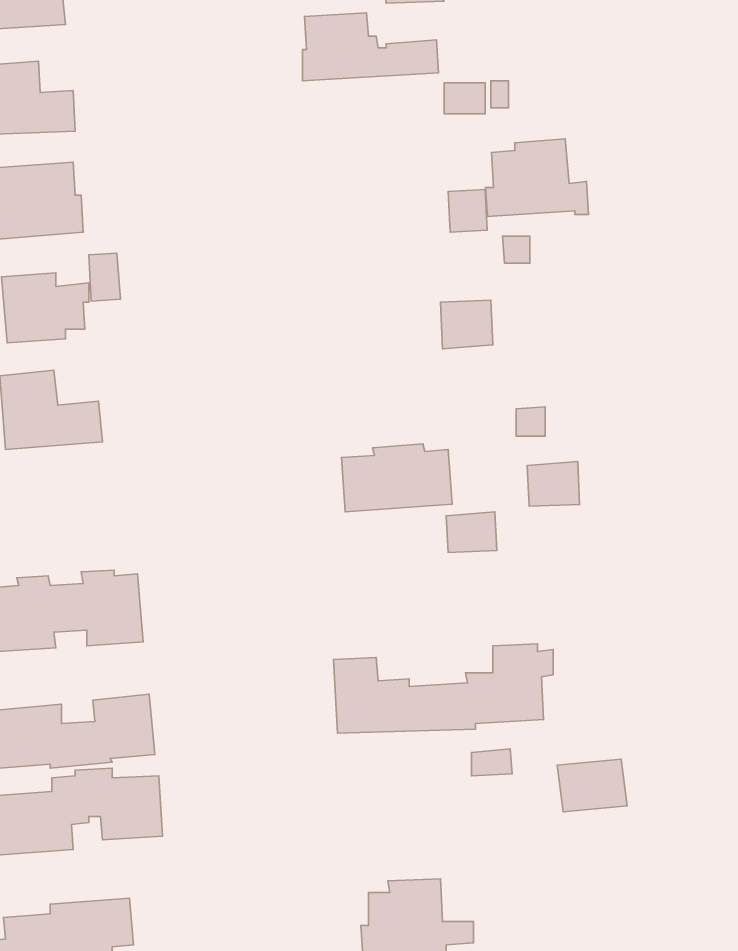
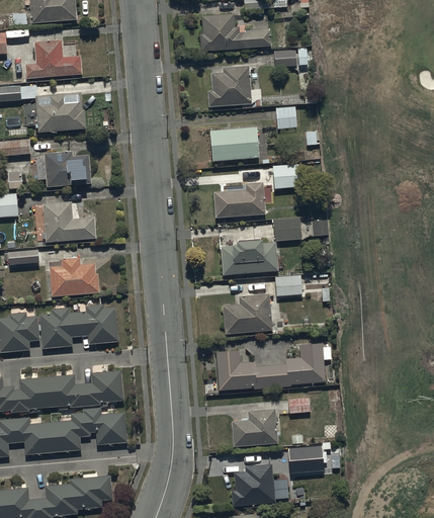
building: [486,139,589,217] -> [207,66,261,106]
building: none -> [209,125,259,161]
building: [89,253,120,301] -> none
building: none -> [213,182,265,218]
building: [527,462,580,506] -> [273,217,300,240]
building: none -> [49,257,99,296]
building: none -> [223,294,272,333]
building: [557,759,627,812] -> [287,446,324,473]
building: none -> [232,409,277,445]

